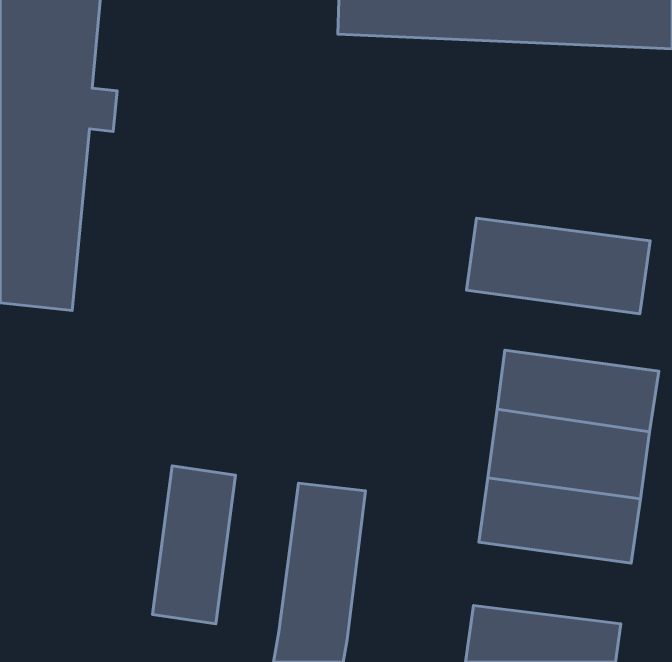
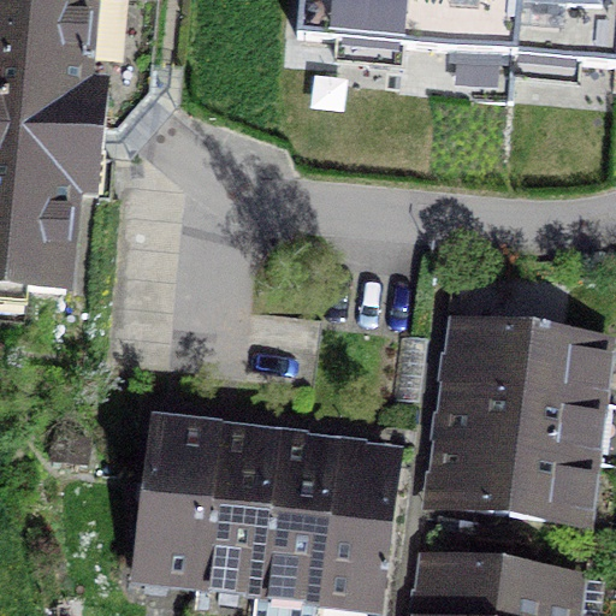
building: [467,218,650,314] -> none
building: none -> [197,434,273,578]
building: none -> [318,449,390,591]

